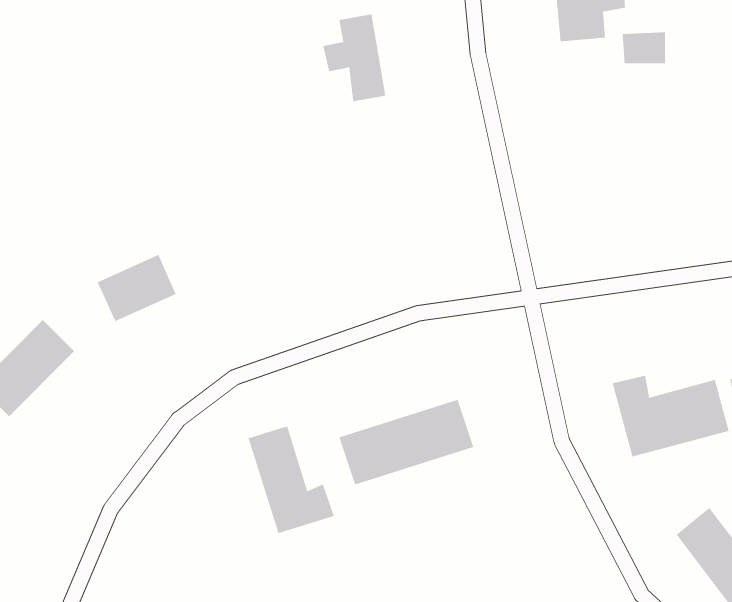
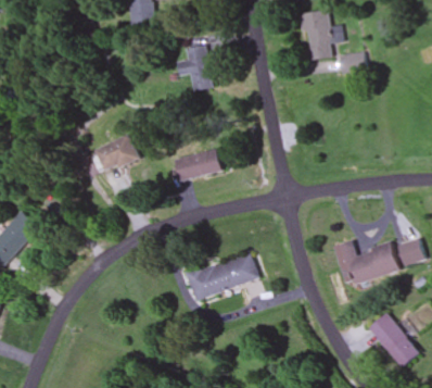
building: none -> [175,148,220,179]
building: [97,254,177,322] -> [94,134,138,171]
building: [248,426,335,534] -> none

